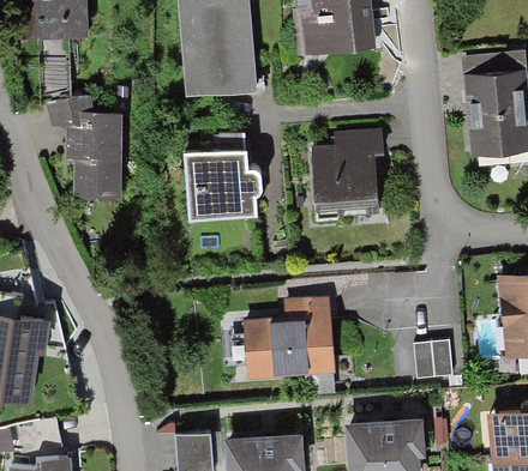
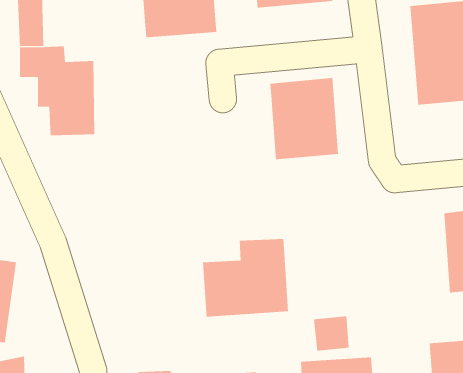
building: [187,145,259,218] -> none
building: [412,343,450,380] -> [313,316,349,351]

